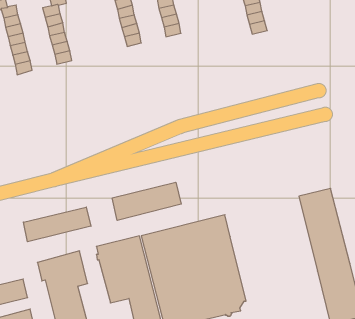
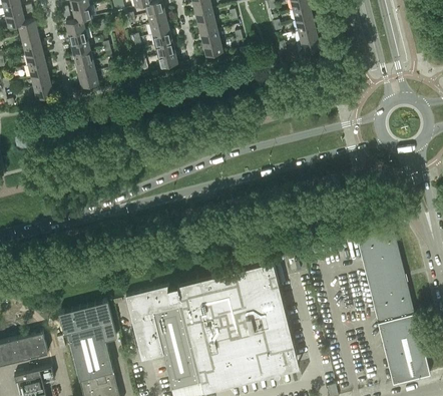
building: [112,182,181,220] -> none
building: [23,207,91,242] -> none

